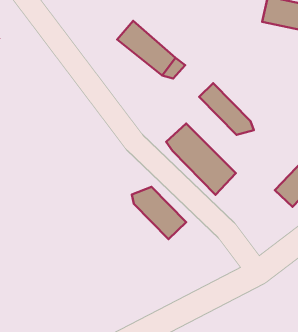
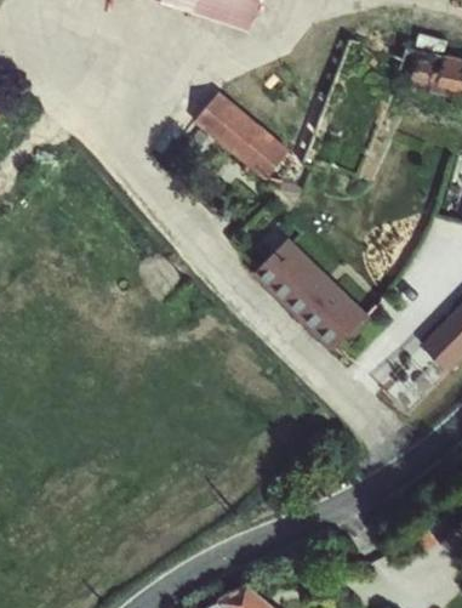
building: [199,83,254,135] -> none
building: [132,187,186,239] -> none

